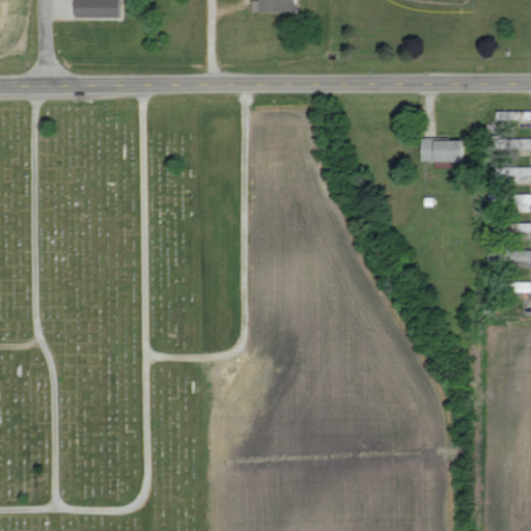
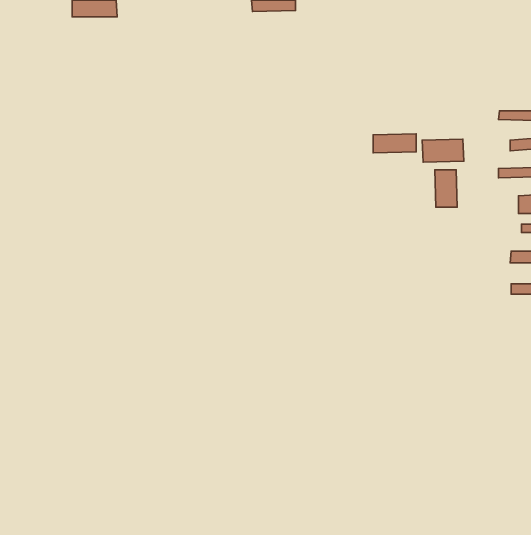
building: none -> [373,134,416,153]
building: none -> [435,170,457,207]

